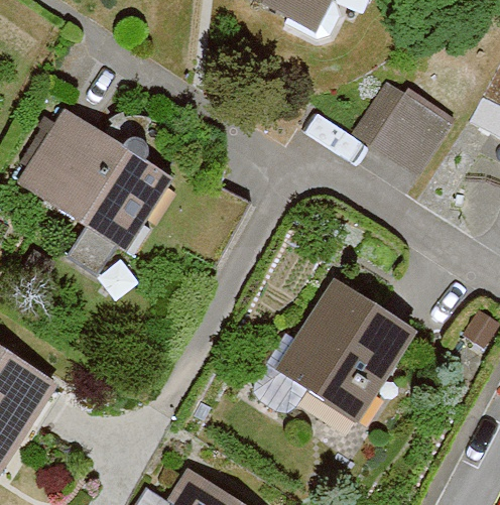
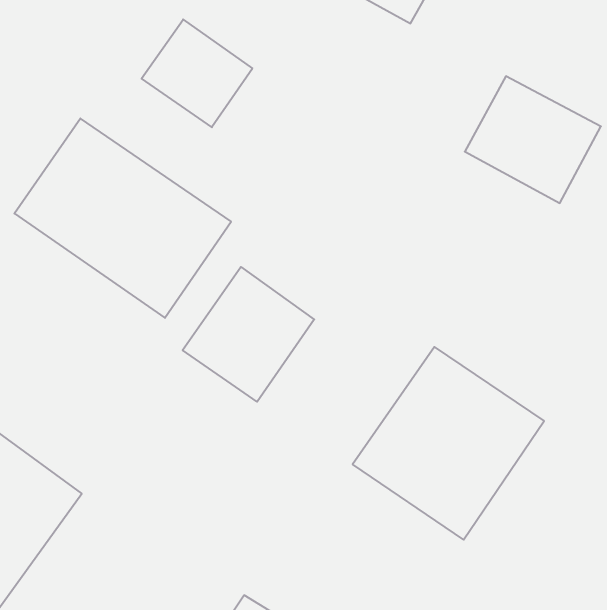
building: none -> [142,19,252,127]
building: none -> [183,267,314,402]

